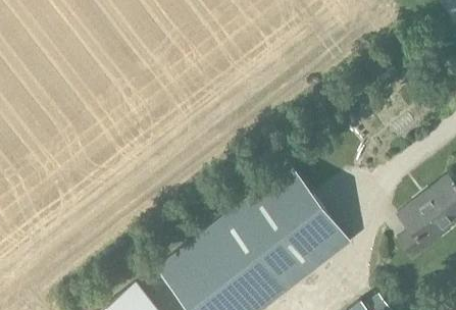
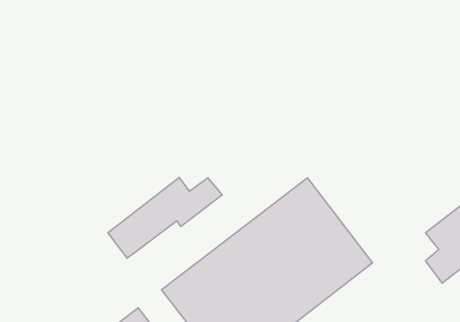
building: none -> [108,177,222,258]

